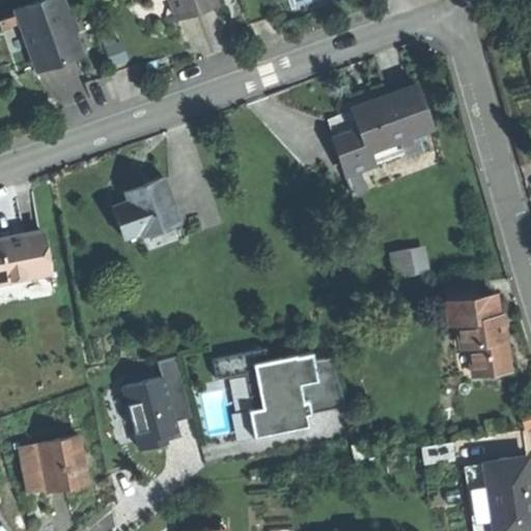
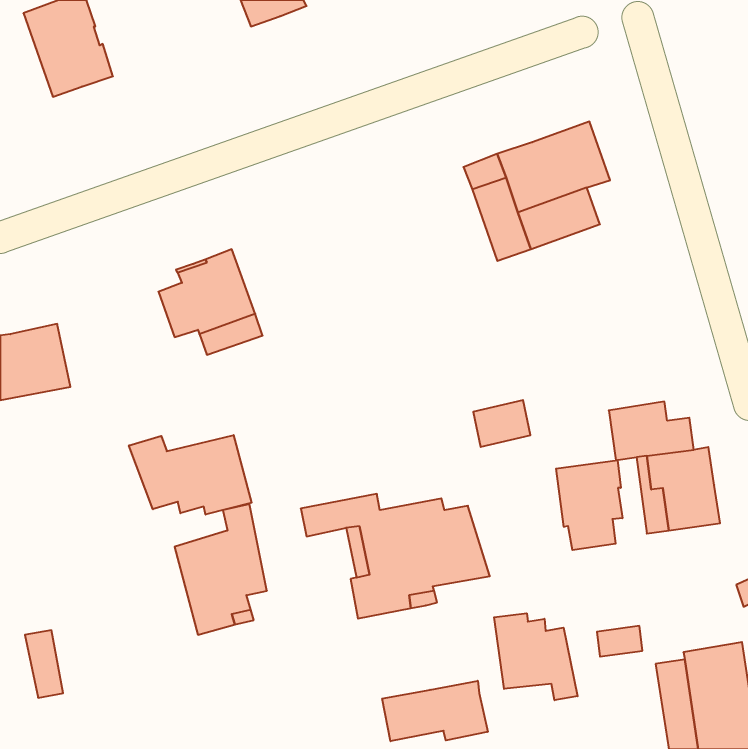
building: [391,242,431,275] -> [473,400,530,447]
building: none -> [129,435,252,515]
building: none -> [556,460,622,550]
building: none -> [494,613,578,700]
building: [37,439,86,494] -> none
building: none -> [382,681,488,741]

